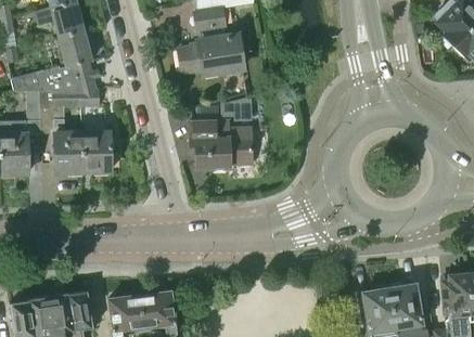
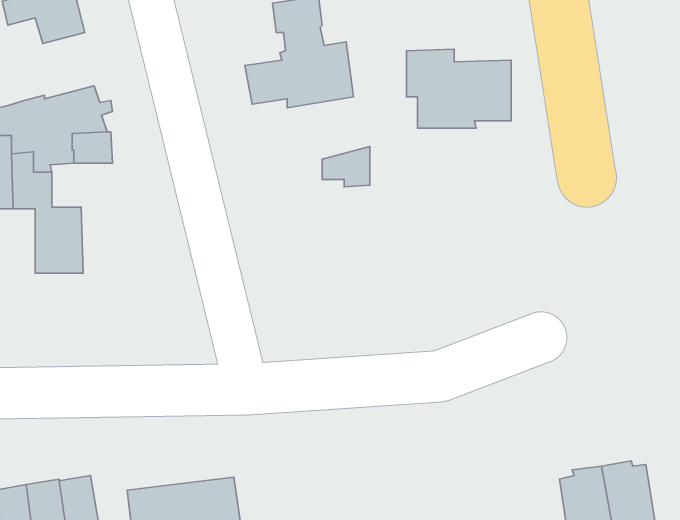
building: [59,29,92,66] -> none
building: [189,121,251,168] -> [406,49,511,128]
building: [81,131,111,171] -> none

